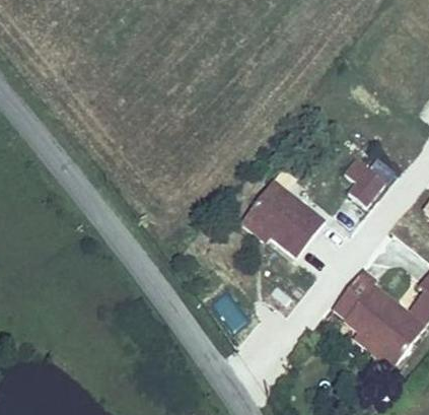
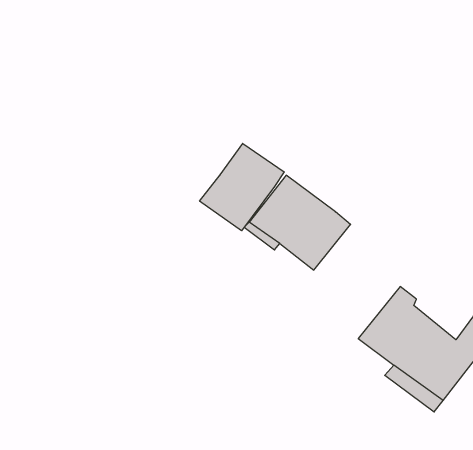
building: none -> [200,143,284,231]
building: [343,157,384,207] -> none

